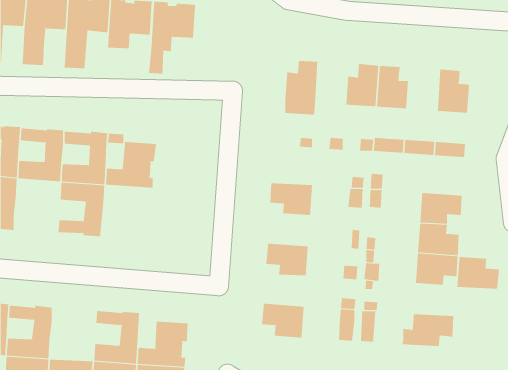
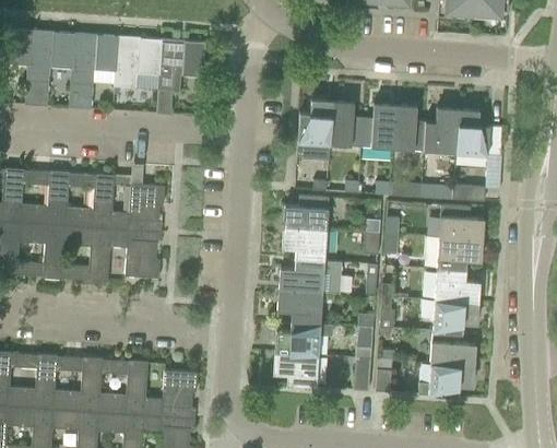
building: none -> [330,102,363,146]
building: none -> [424,108,458,153]
building: none -> [283,196,329,229]
building: none -> [439,205,483,240]
building: none -> [17,223,66,280]
building: none -> [110,229,162,279]
building: none -> [280,259,342,294]
building: [457,256,500,289] -> [430,331,475,365]
building: none -> [275,322,334,355]
building: none -> [54,357,103,412]

